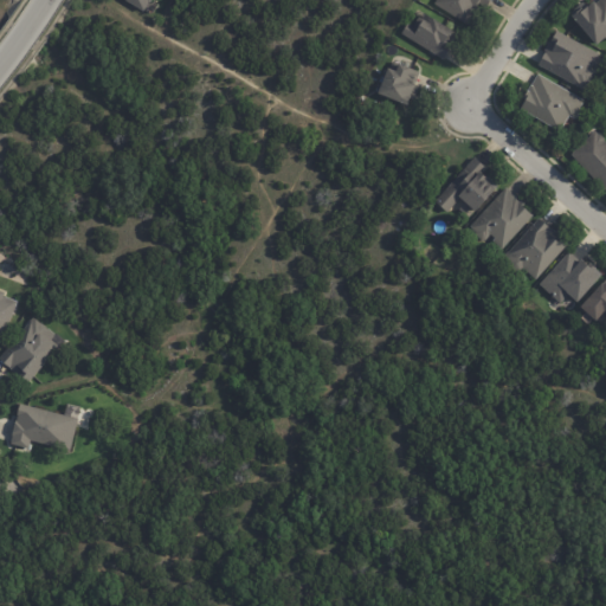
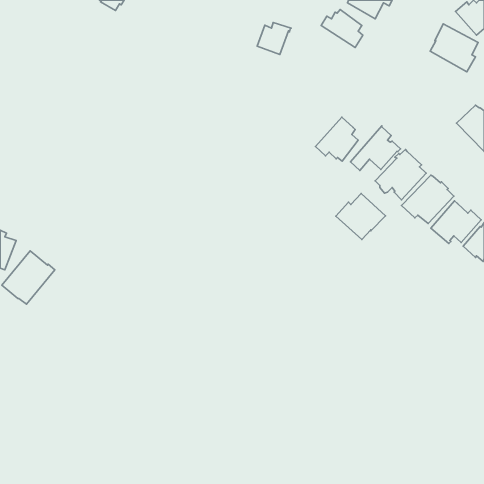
building: [378,65,420,105] -> [257,22,291,55]
building: [518,73,584,131] -> none
building: none -> [315,117,358,161]
building: none -> [336,194,385,239]
building: [11,404,78,450] -> none

